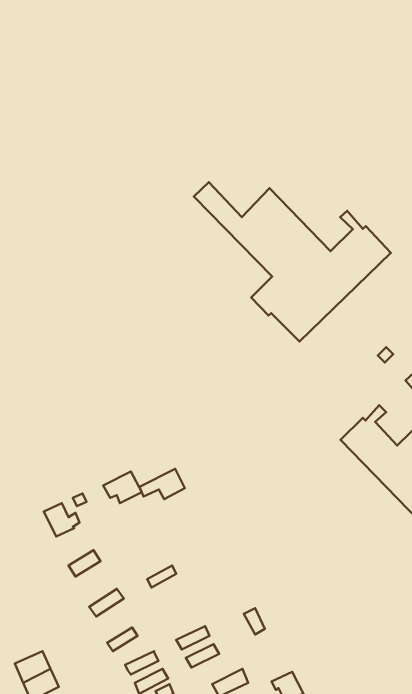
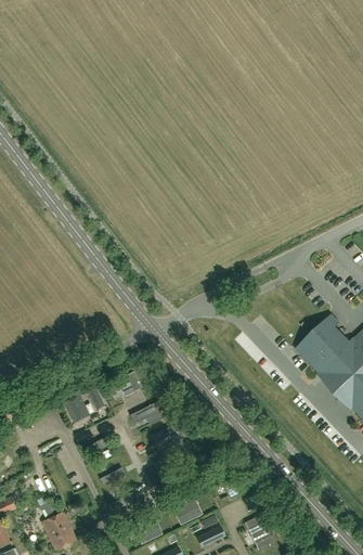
building: [194,182,391,341] -> none
building: [139,469,185,499] -> [130,401,166,425]

